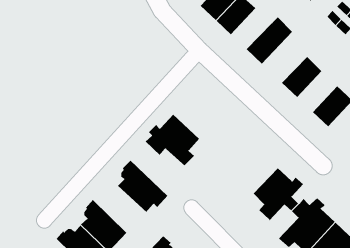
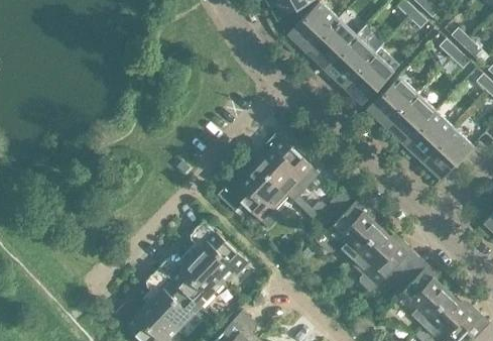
building: none -> [326,37,375,87]
building: none -> [368,77,417,127]
building: none -> [405,113,454,162]
building: none -> [256,133,337,229]
building: none -> [318,199,382,260]
building: none -> [159,251,224,308]

